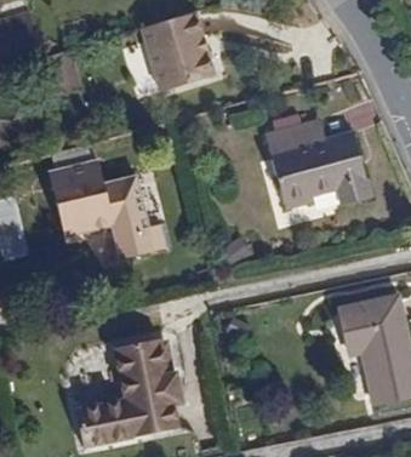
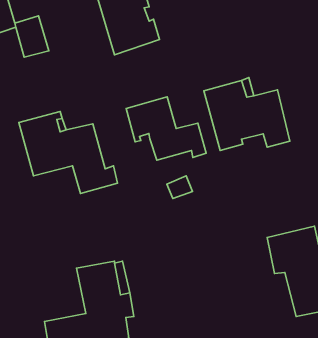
building: none -> [126,97,206,160]

